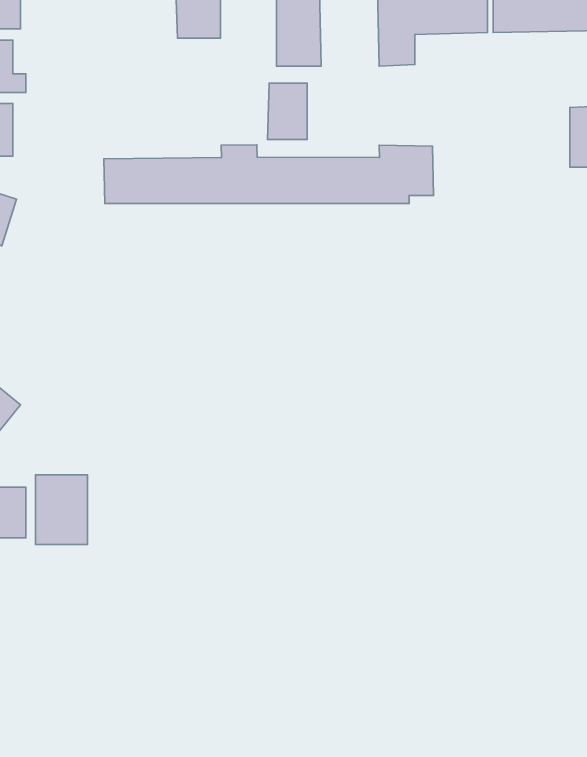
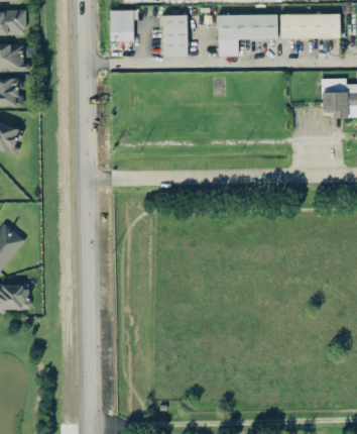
building: [267,83,307,139] -> none
building: [104,145,433,203] -> none
building: [35,475,88,545] -> none

